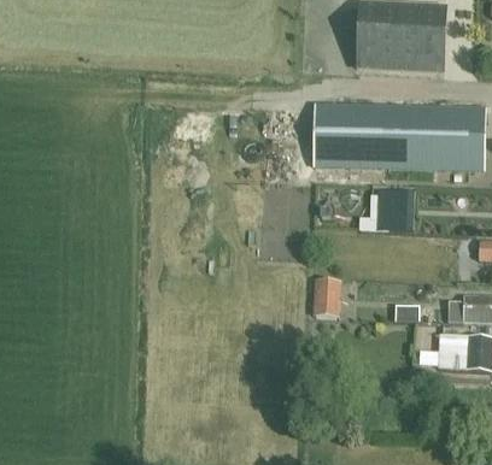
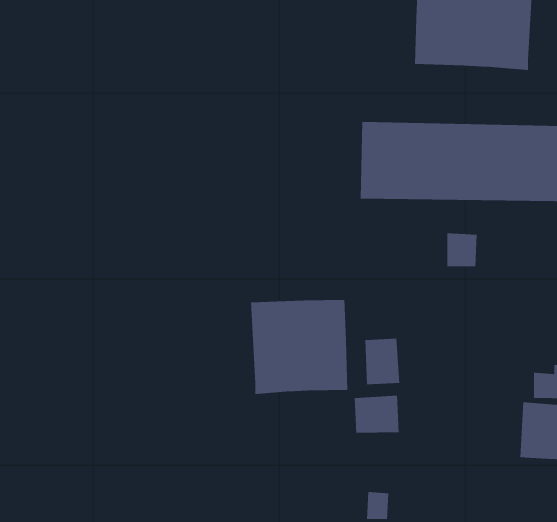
building: none -> [251,299,348,395]
building: none -> [354,395,399,433]

